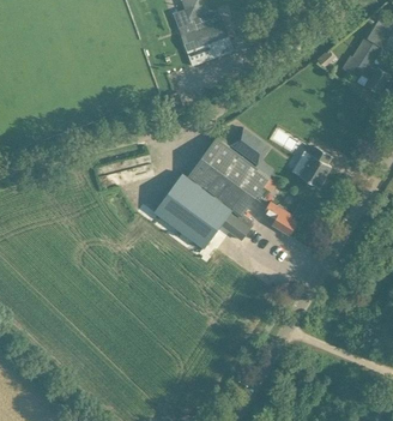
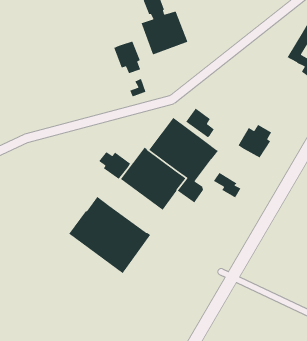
building: none -> [113,40,141,74]
building: none -> [98,151,131,180]
building: none -> [68,196,151,274]

